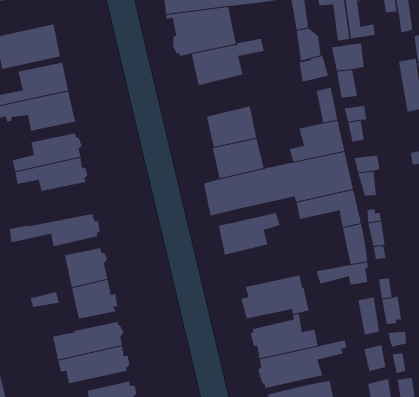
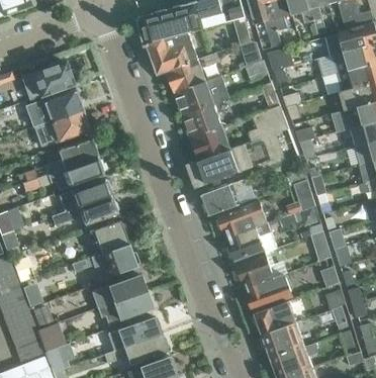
building: none -> [176,81,215,115]
building: none -> [59,178,110,212]
building: none -> [217,206,257,237]

